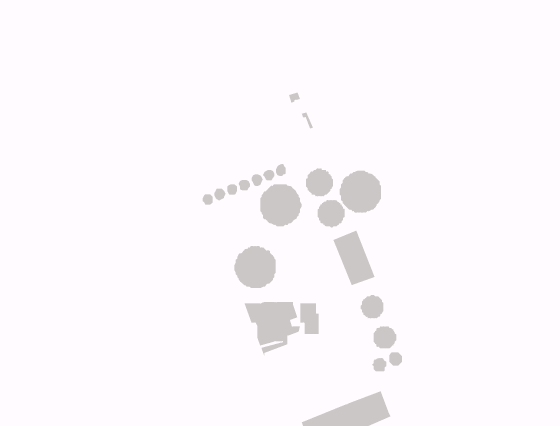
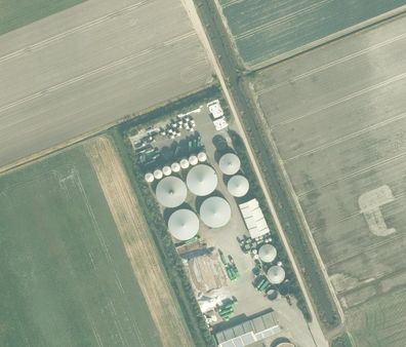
building: [339,170,382,213] -> [199,196,230,227]
building: none -> [155,177,186,206]

